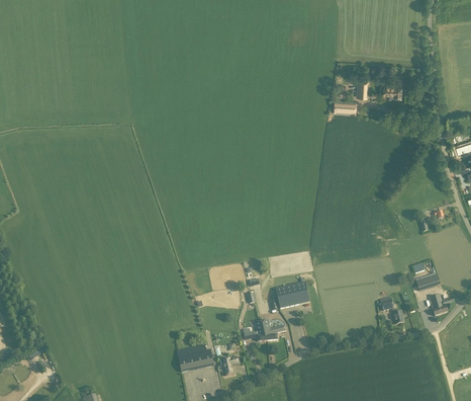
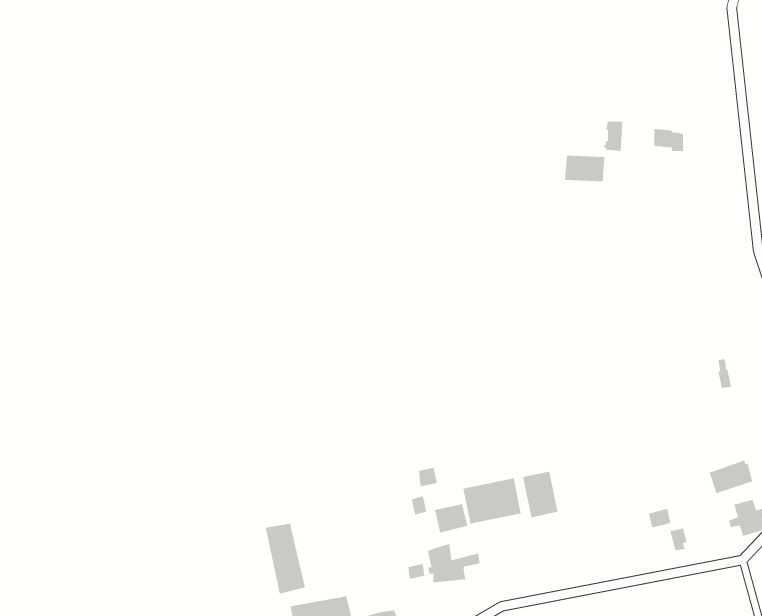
building: none -> [523,471,558,518]
building: none -> [265,523,306,594]

